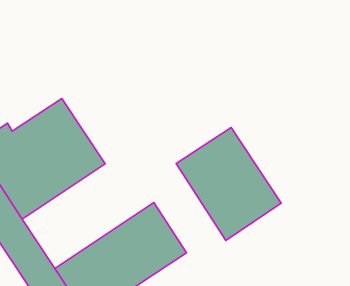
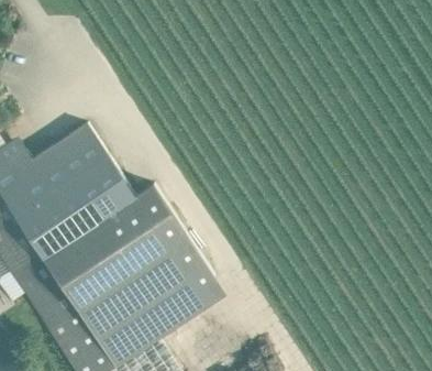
building: [176,127,281,240] -> none
building: none -> [45,185,191,314]

